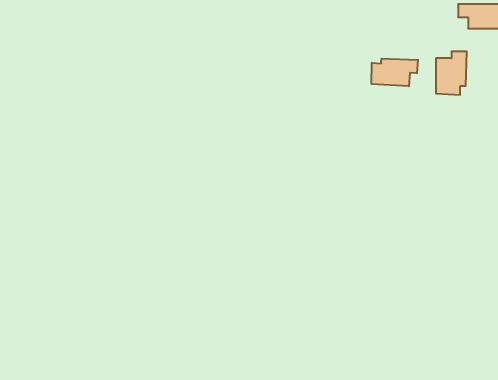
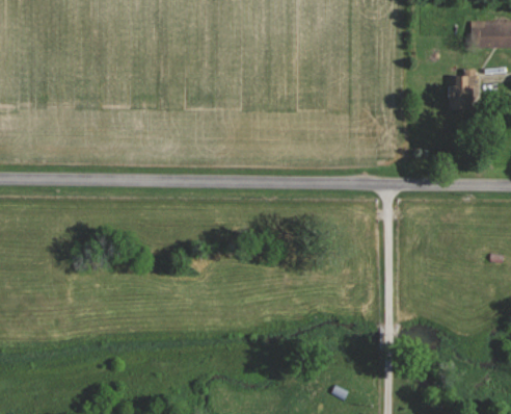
building: [372,59,418,86] -> none

